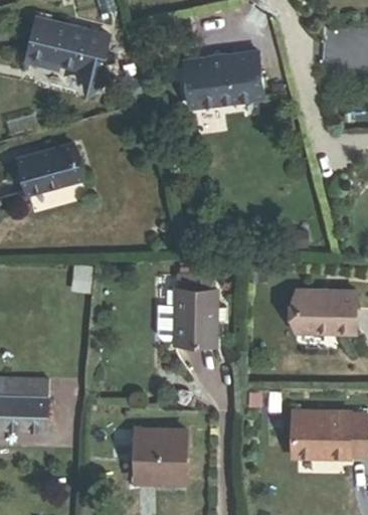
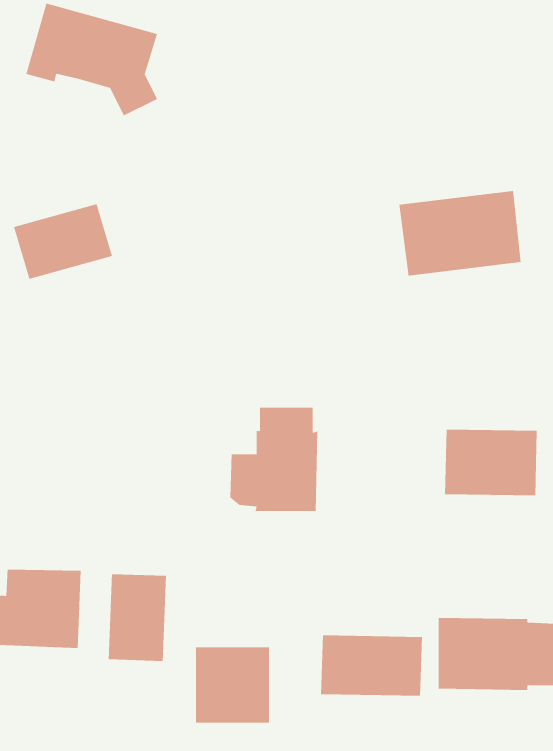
building: [184,52,263,108] -> [399,190,522,276]
building: none -> [108,573,166,662]
building: none -> [320,635,422,697]

